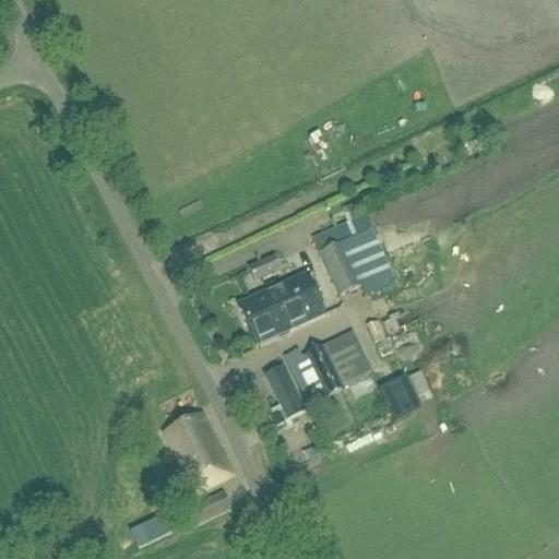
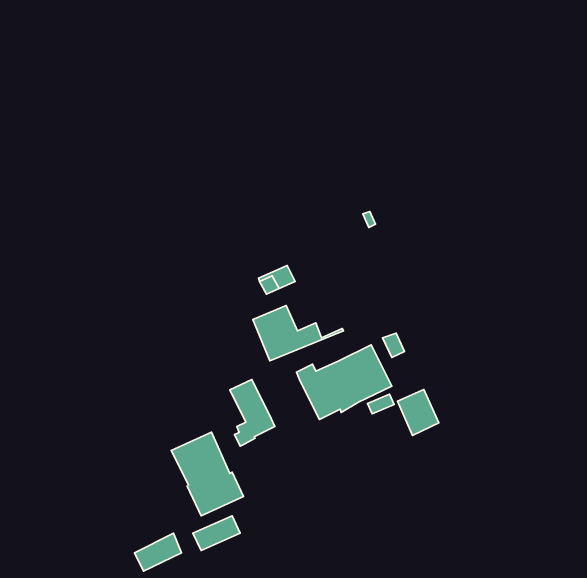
building: [312,212,394,293] -> none
building: [272,275,325,321] -> none
building: [264,361,307,425] -> [230,380,275,446]

